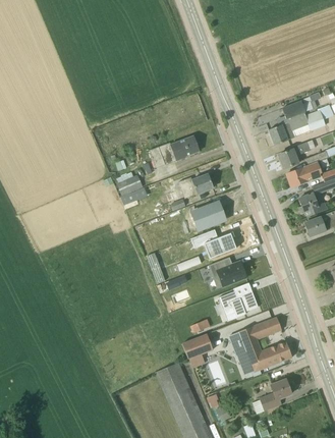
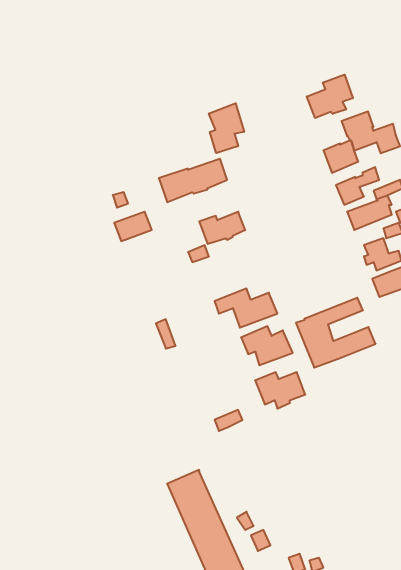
building: none -> [307,75,353,118]
building: none -> [209,103,244,153]
building: [191,203,224,229] -> none
building: [237,317,295,368] -> [296,298,376,368]
building: [183,335,213,359] -> none
building: [253,380,292,414] -> none

